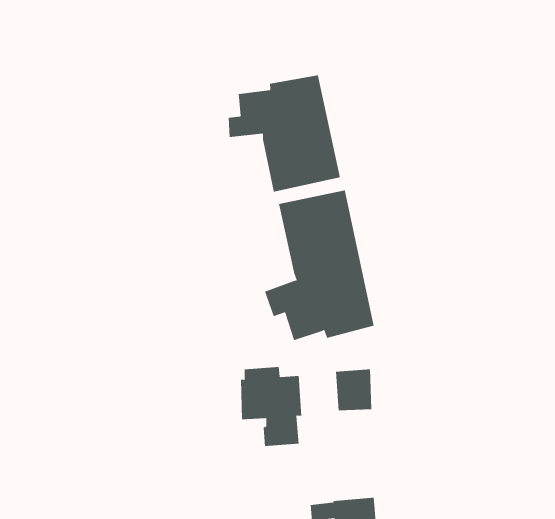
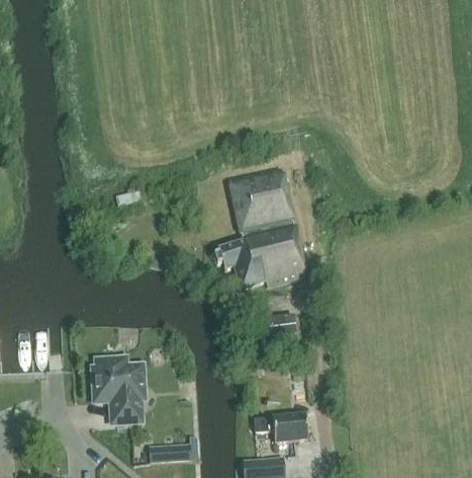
building: [228,75,340,193] -> none
building: [240,367,302,447] -> [93,360,143,423]

